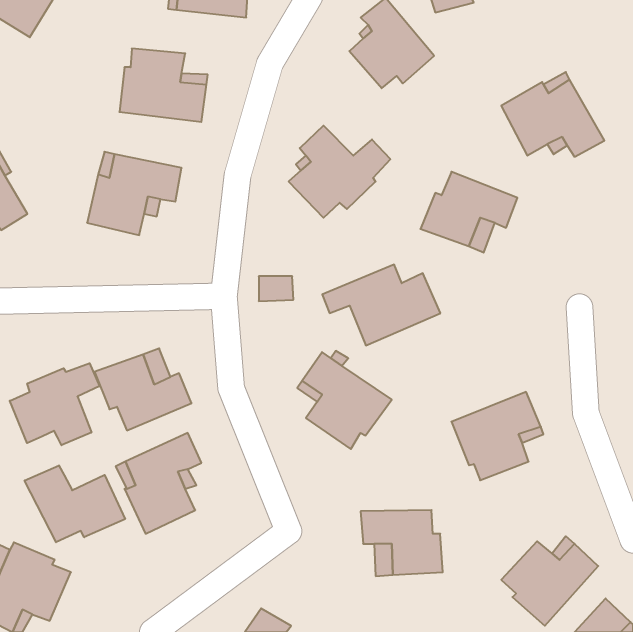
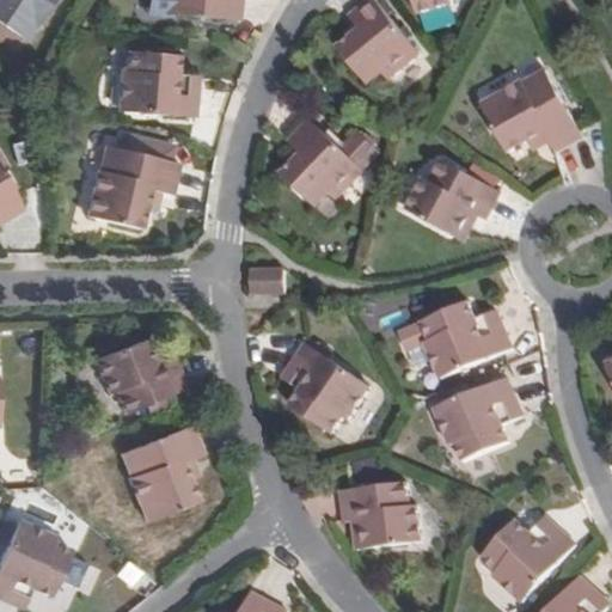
building: [322,265,440,345] -> [398,301,512,379]
building: [10,363,99,445] -> none
building: [25,465,125,542] -> none

